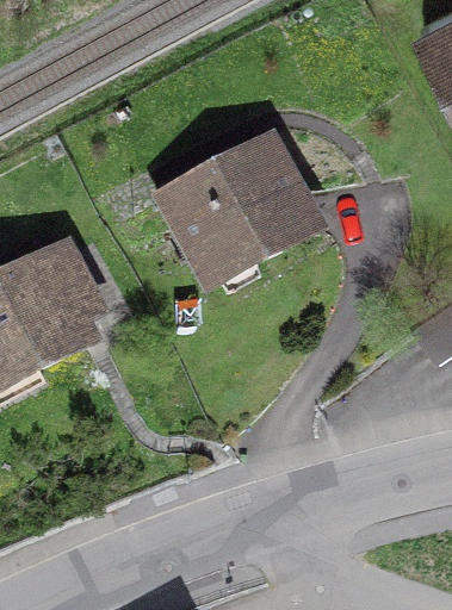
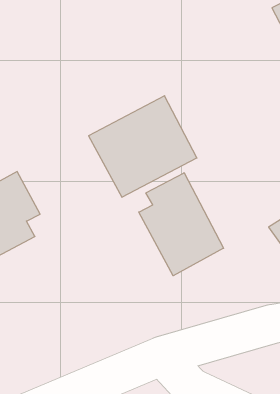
building: none -> [139,173,224,276]

